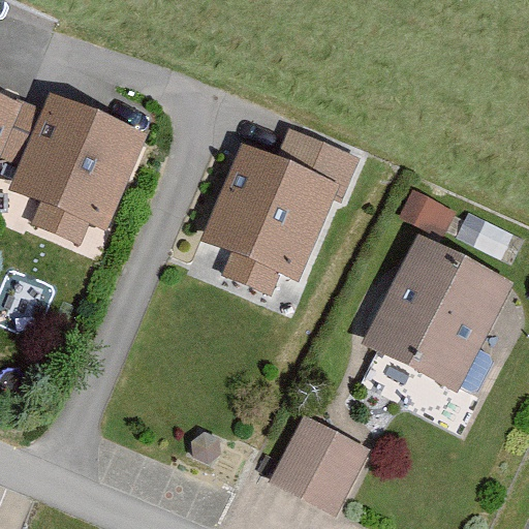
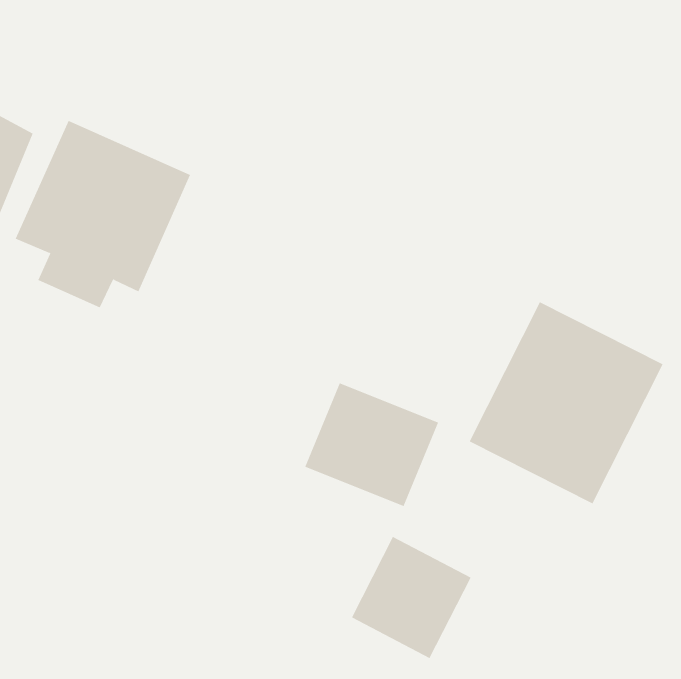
building: [204,132,354,295] -> none
building: none -> [304,382,439,507]

